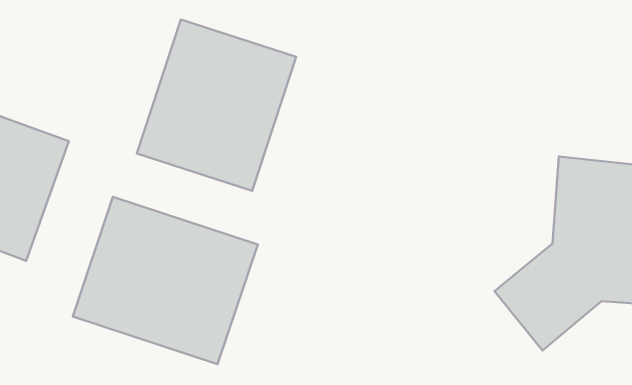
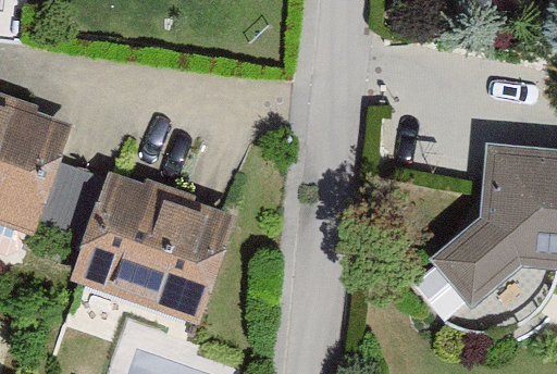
building: [137,20,296,191] -> none

